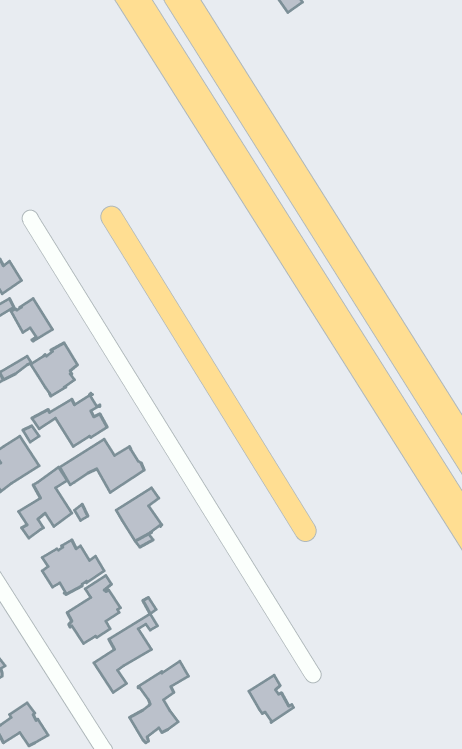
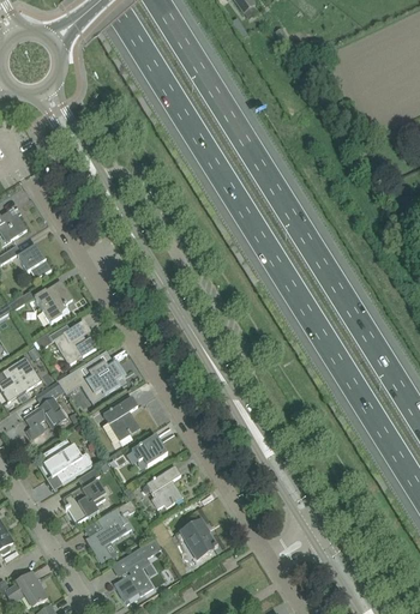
building: none -> [131,434,166,463]
building: none -> [145,465,181,508]
building: [249,675,293,722] -> [180,518,216,556]

